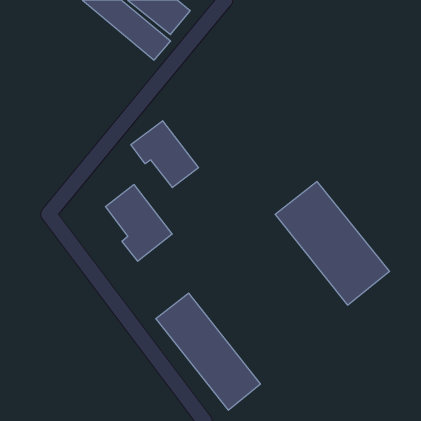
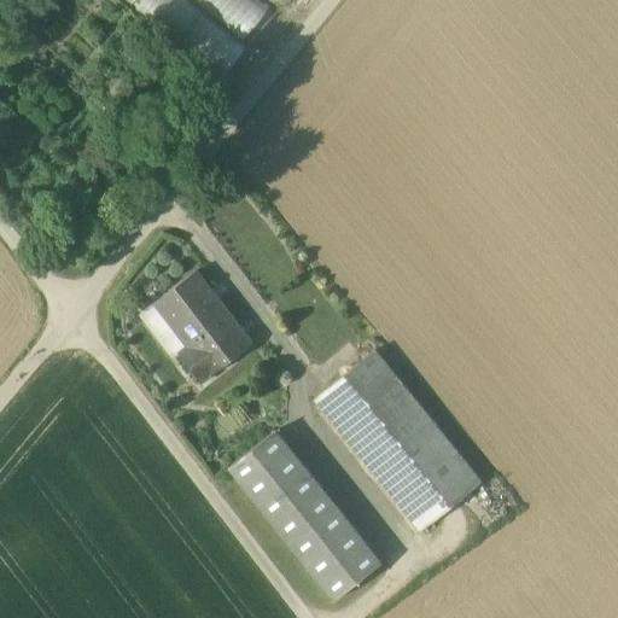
building: [131,121,199,188] -> none
building: [275,181,390,305] -> [314,350,482,531]

